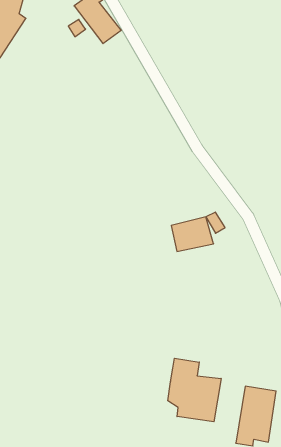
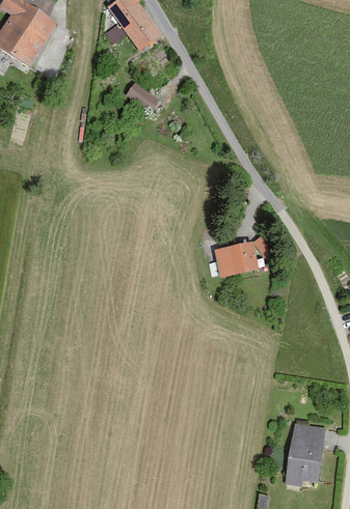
building: none -> [125,83,162,117]
building: [168,358,221,422] -> none

